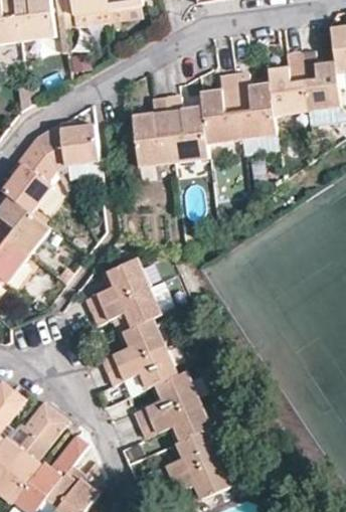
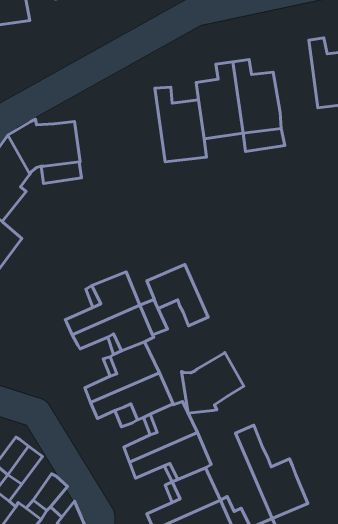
building: [267,54,307,118] -> none
building: [132,97,173,165] -> none
building: none -> [147,264,208,326]
building: none -> [182,353,244,413]
building: none -> [235,425,308,518]

